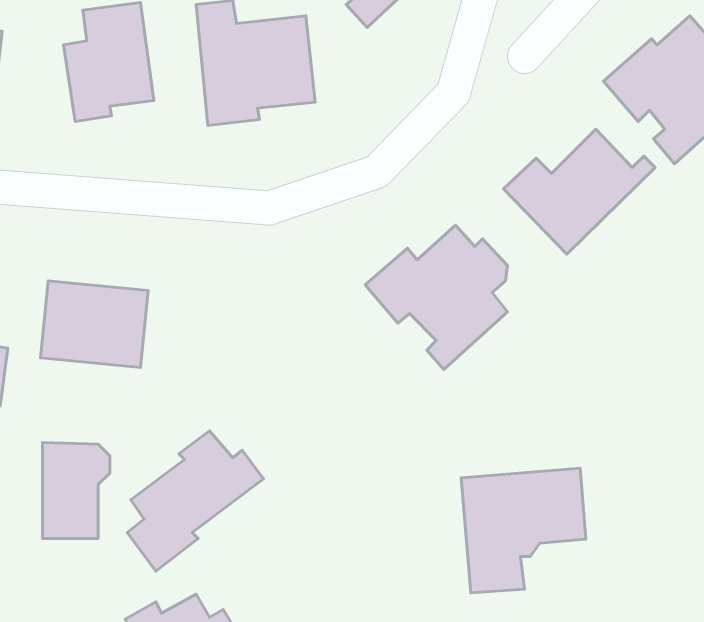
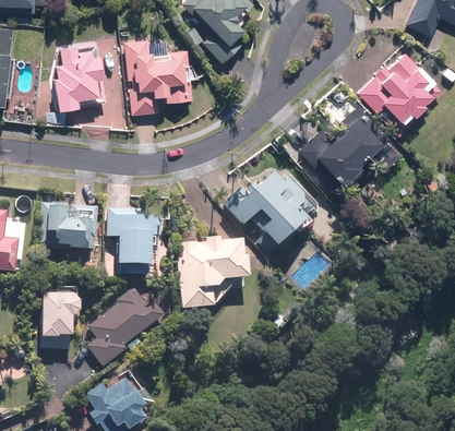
building: none -> [107,207,161,275]
building: [461,468,586,593] -> [175,238,246,309]

